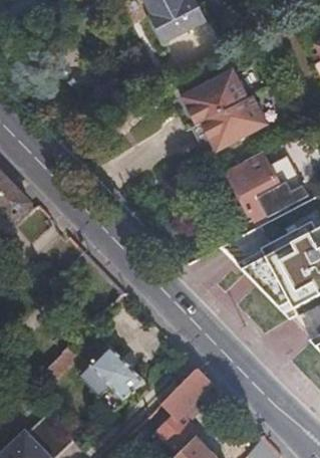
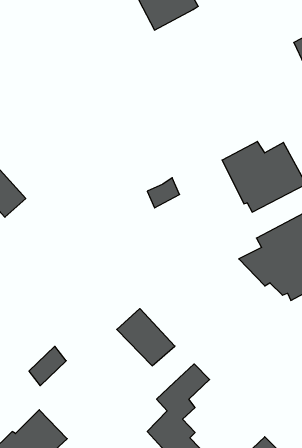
building: [181,67,267,150] -> none
building: [91,345,147,400] -> [117,309,175,366]

